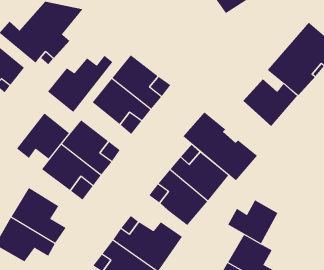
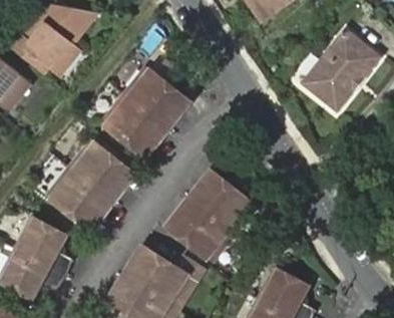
building: [47,55,113,113] -> none
building: [242,79,298,127] -> none
building: [182,112,258,181] -> none
building: [16,112,70,159] -> none
building: [227,200,278,244] -> none

